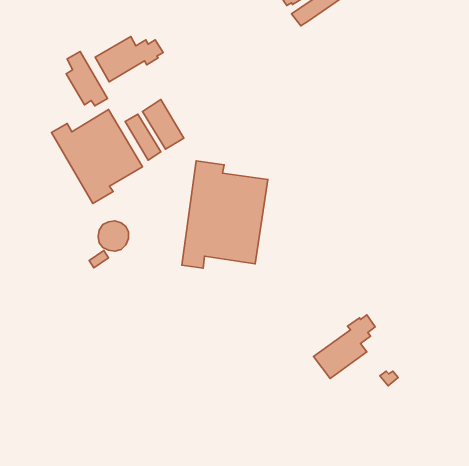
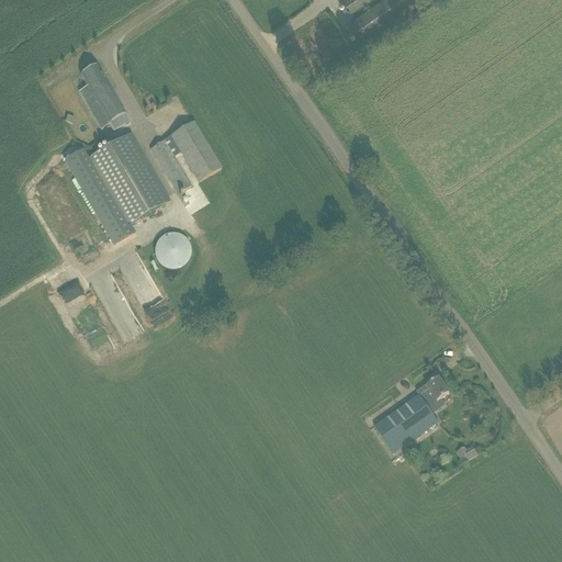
building: [95,36,163,82] -> none
building: [182,161,268,268] -> none
building: [98,221,129,251] -> [154,231,190,267]

